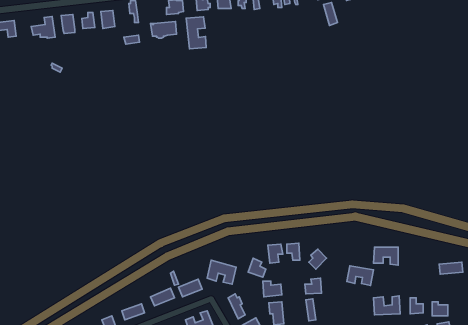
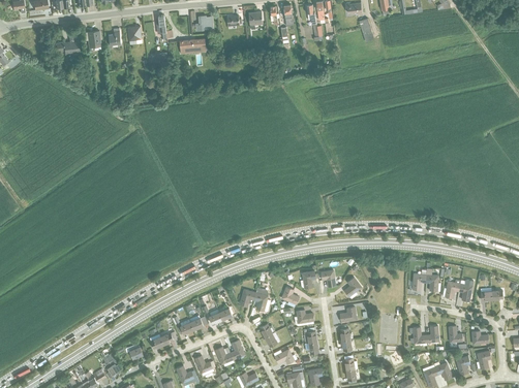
building: [186,17,206,49] -> none
building: [347,266,374,286] -> [444,280,471,300]

